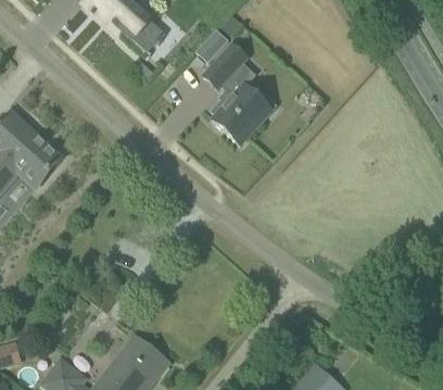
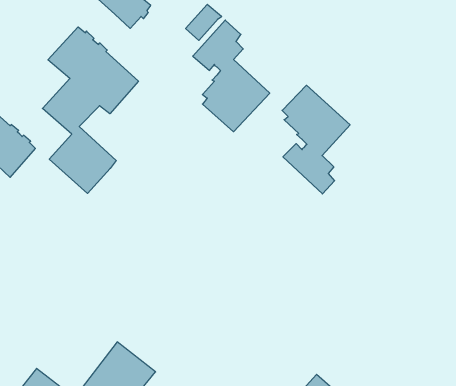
building: none -> [42,27,138,193]
building: none -> [282,85,350,194]

